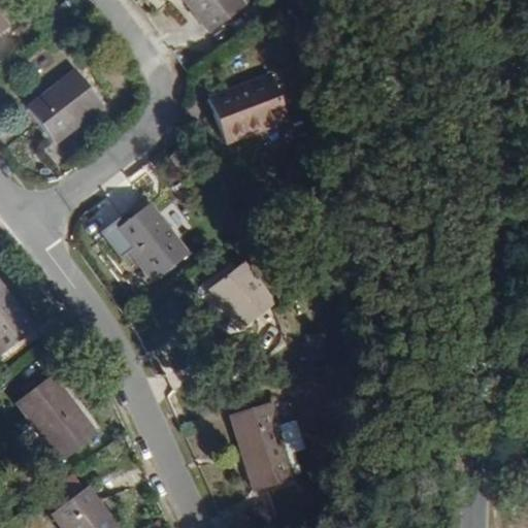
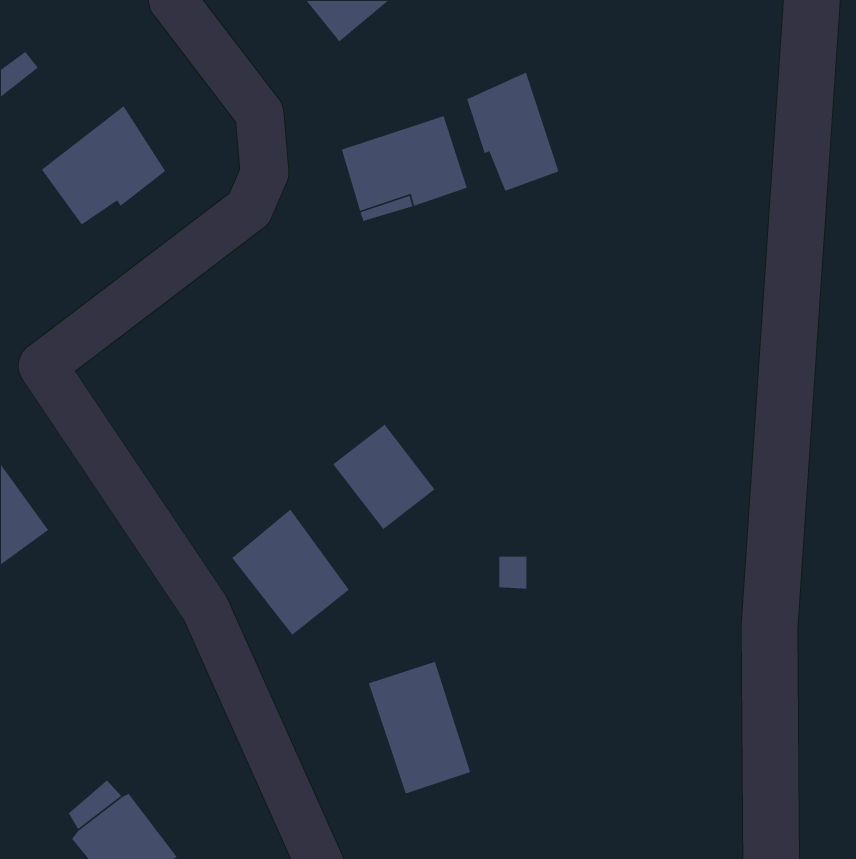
building: none -> [466,72,559,192]
building: [111,201,184,278] -> [231,509,350,636]
building: [10,362,86,457] -> none

